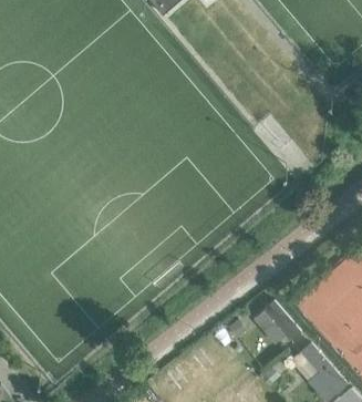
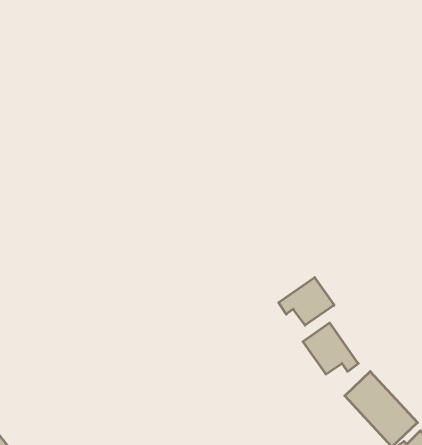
building: none -> [279,277,334,325]

